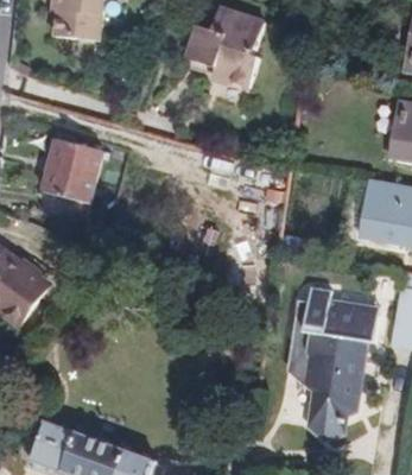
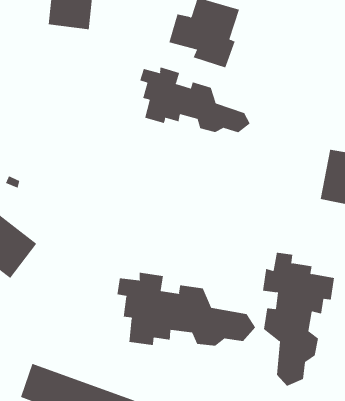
building: none -> [139,67,250,133]
building: [39,140,102,221] -> none
building: none -> [117,272,256,347]

